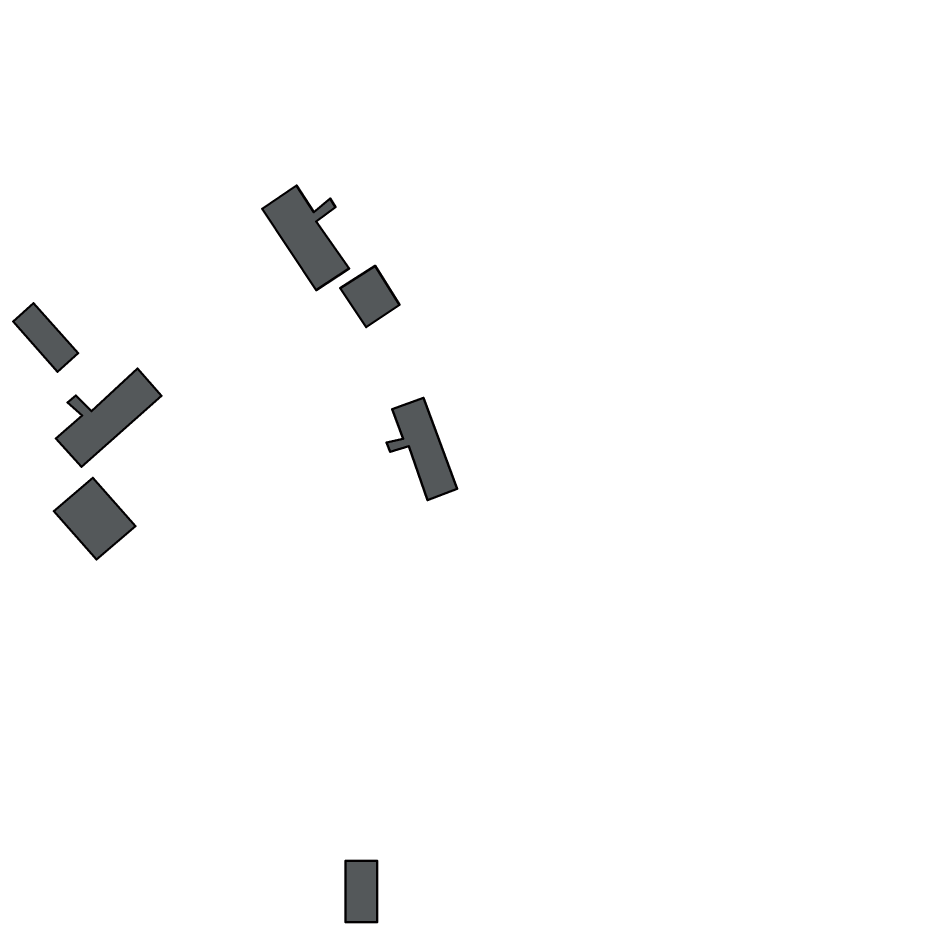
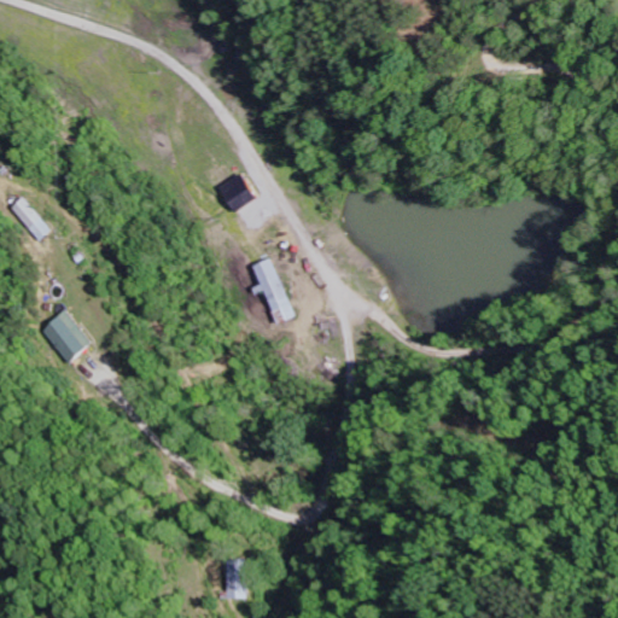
building: [262,185,349,290] -> none
building: [56,369,161,467] -> none

